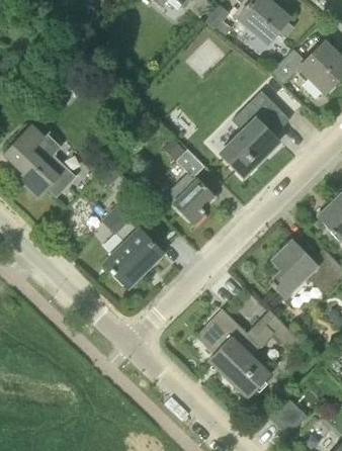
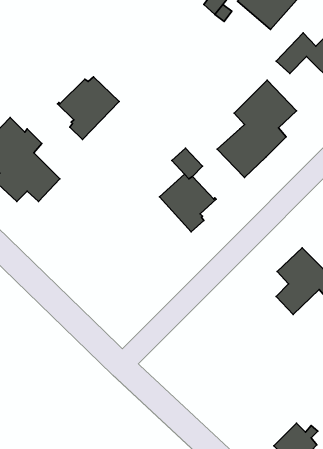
building: none -> [58,77,119,140]
building: [101,199,163,286] -> none
building: [195,307,297,397] -> none

